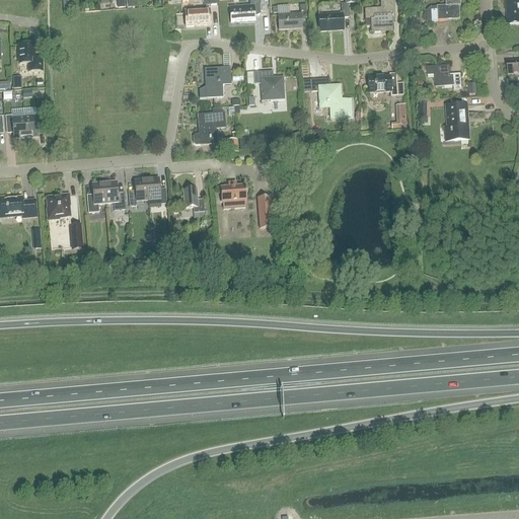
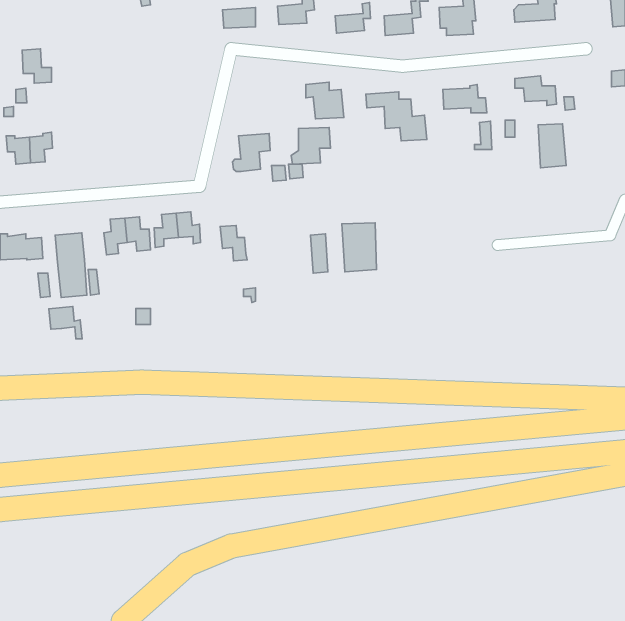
building: [199,65,231,95] -> [291,127,330,164]
building: [220,182,246,208] -> none
building: none -> [342,223,376,272]
building: none -> [49,307,82,339]

